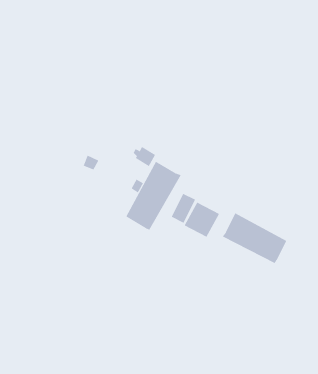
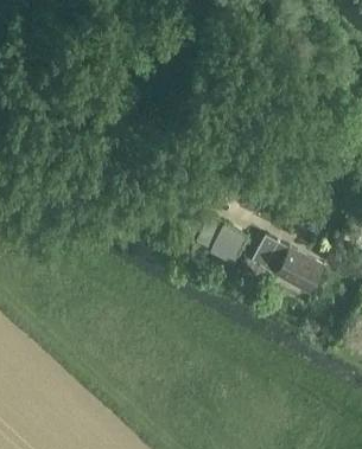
building: [125,161,181,230] -> none

